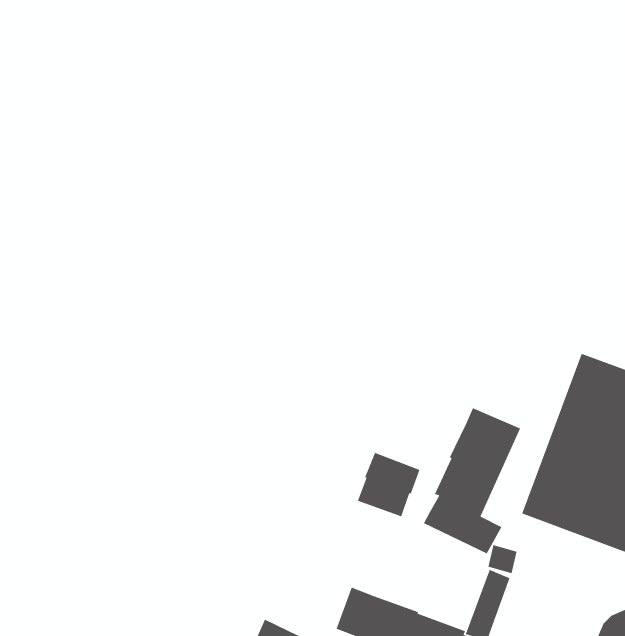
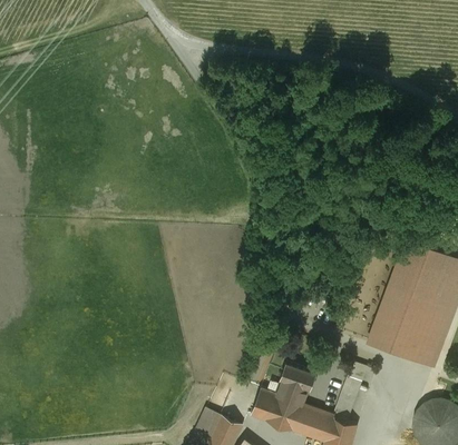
building: [423,407,521,555] -> none
building: [357,452,420,519] -> [275,363,315,405]

